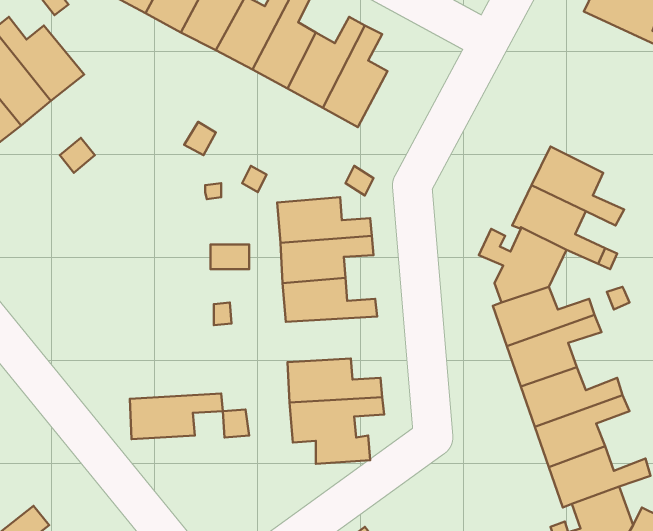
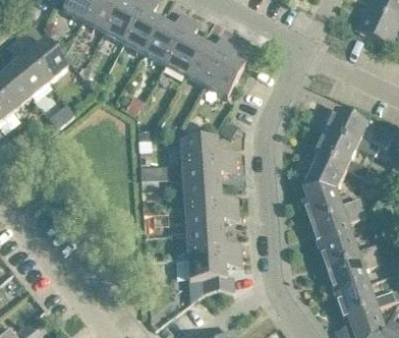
building: [130,394,223,439] -> [184,207,238,233]

